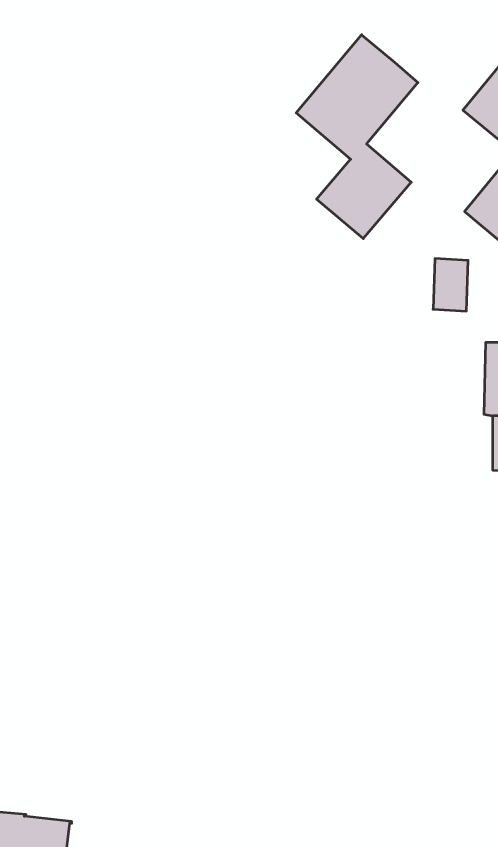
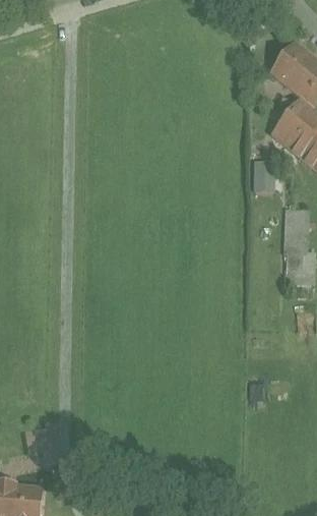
building: [296,35,418,239] -> none

